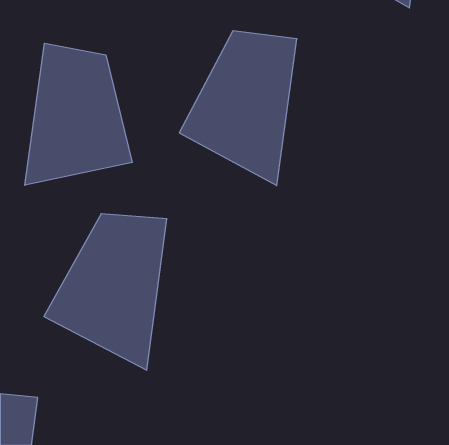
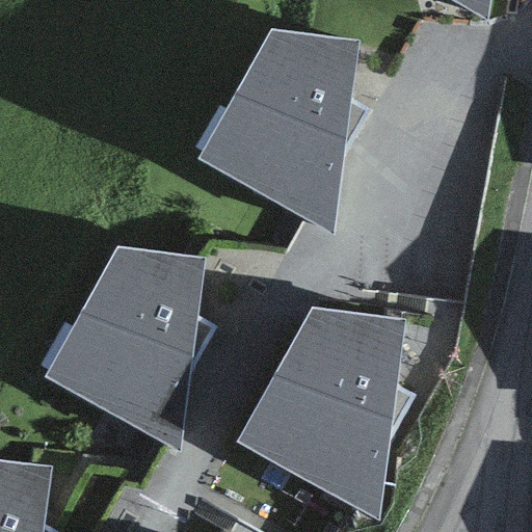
building: [25,43,132,185] -> none
building: none -> [245,314,399,505]

